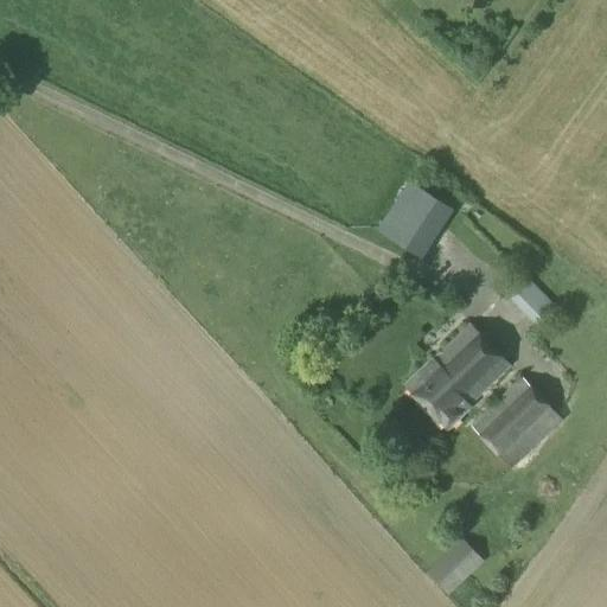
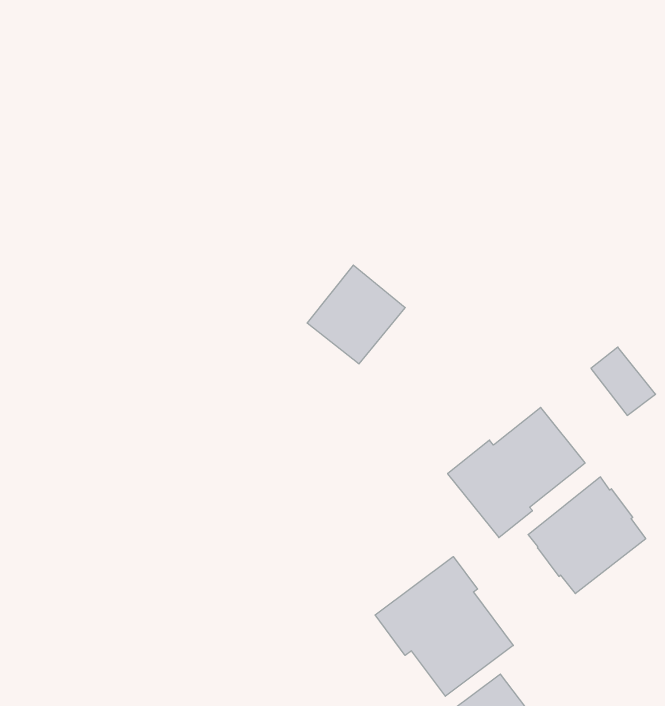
building: [378,180,453,256] -> [307,265,405,364]
building: none -> [375,557,513,696]

